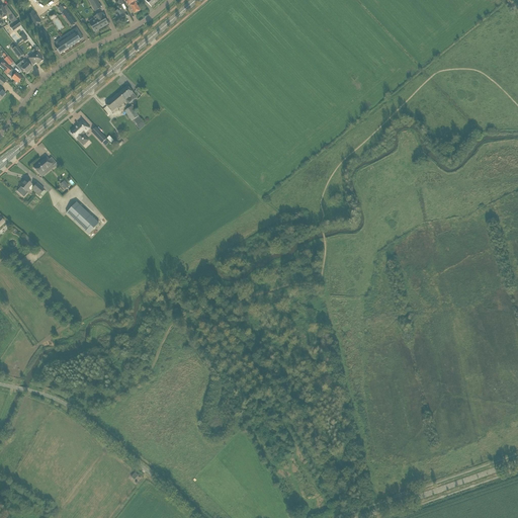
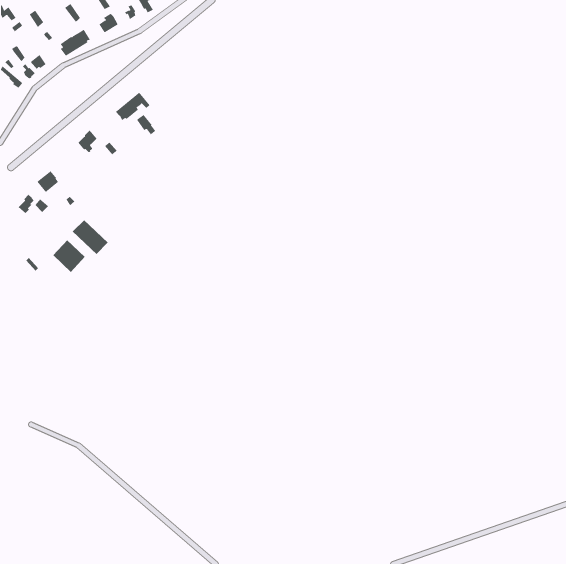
building: none -> [53,239,86,273]

